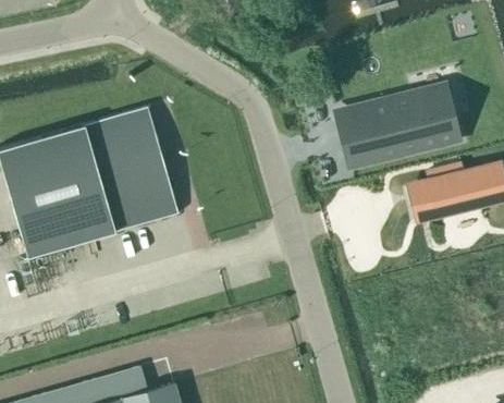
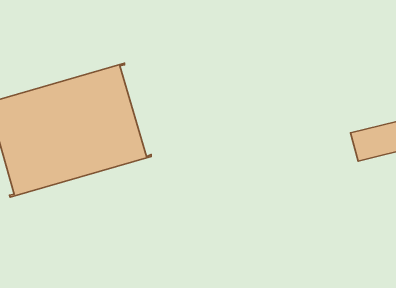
building: [339,88,457,164] -> none

